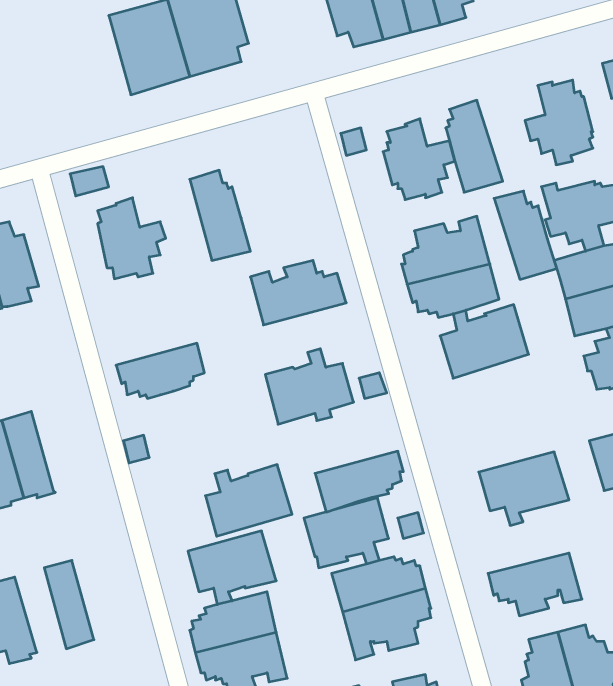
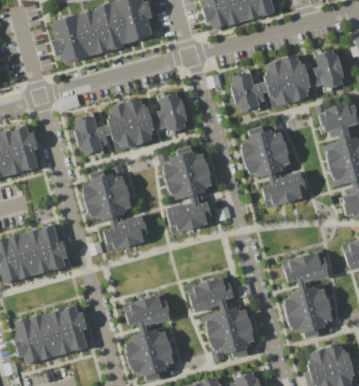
building: none -> [51,13,93,64]
building: none -> [150,91,188,135]
building: none -> [107,102,137,152]
building: [494,191,557,279] -> [281,55,315,103]
building: none -> [82,169,129,203]
building: none -> [39,224,69,271]
building: [315,451,403,512] -> [165,169,213,202]
building: [205,465,292,536] -> [104,214,151,253]
building: none -> [282,283,331,316]
building: none -> [61,305,91,352]
building: none -> [30,313,58,361]

